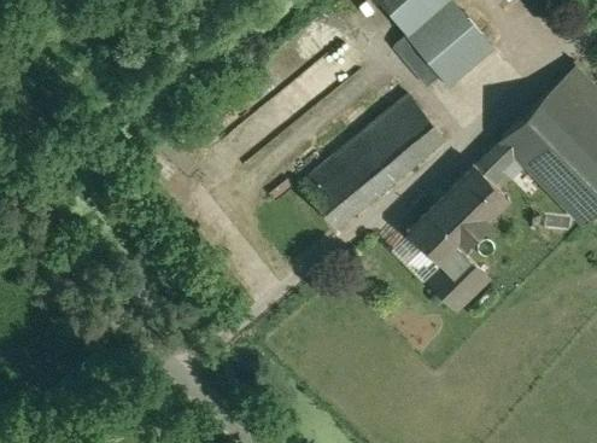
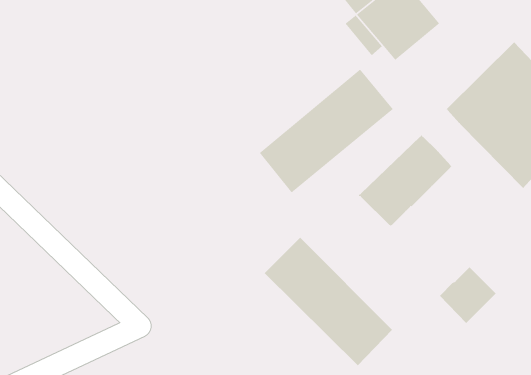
building: [476,141,523,185] -> none
building: [427,250,488,311] -> [439,267,496,324]
building: none -> [264,237,393,366]

